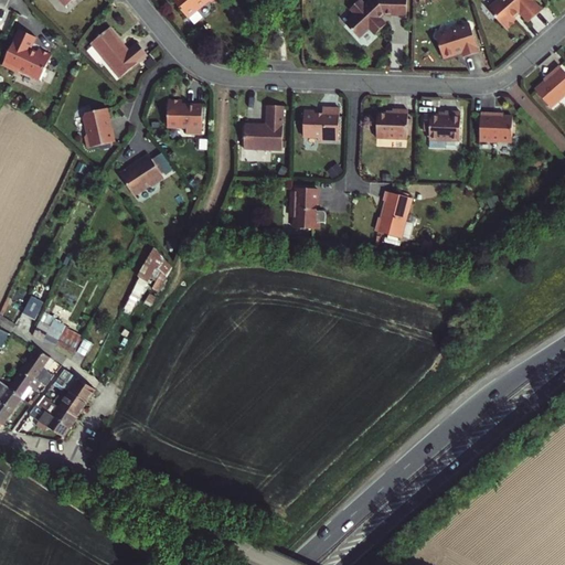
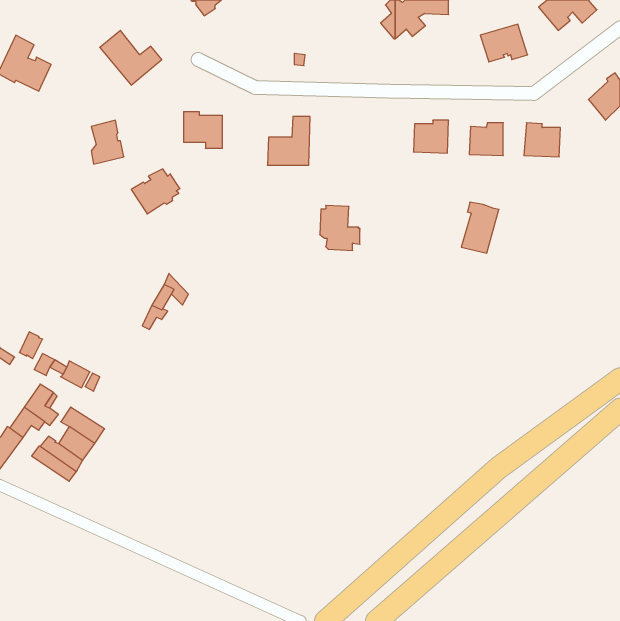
building: [302,107,338,141] -> none
building: [375,191,409,237] -> [461,202,499,253]

